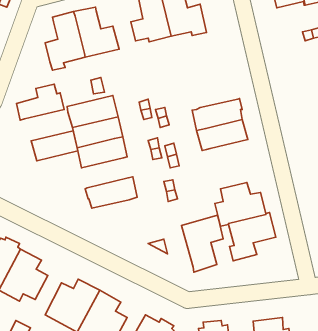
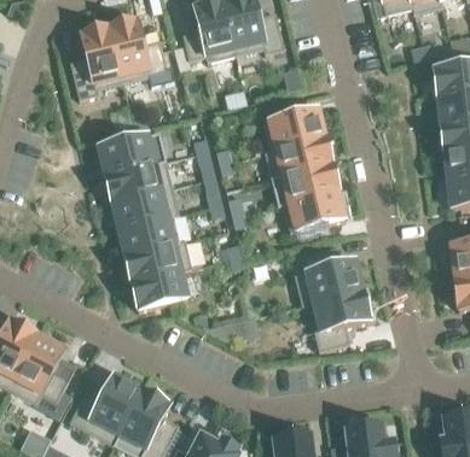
building: none -> [263,107,325,150]
building: [16,84,64,120] -> none
building: [31,131,78,161] -> [118,213,180,253]
building: none -> [284,189,346,230]
building: none -> [132,269,187,309]
building: [181,215,223,272] -> none

